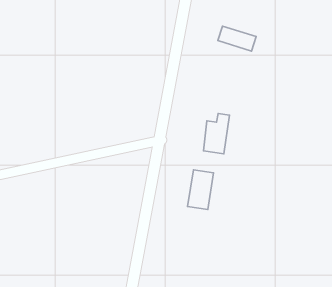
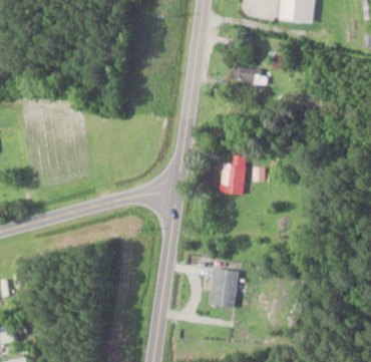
building: [188,170,214,209] -> [214,269,239,309]

